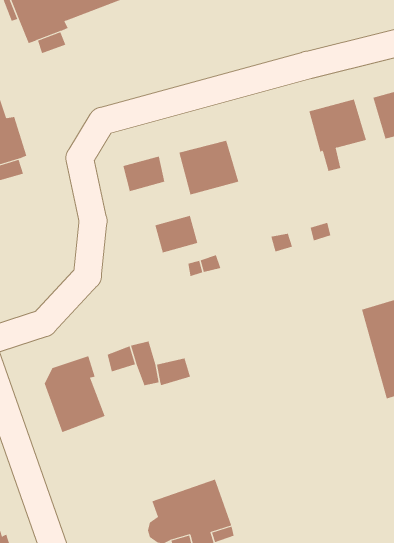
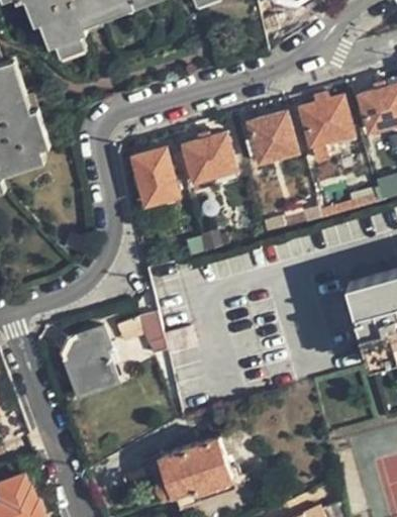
building: none -> [249,111,296,162]
building: [154,215,198,253] -> [138,171,178,205]

